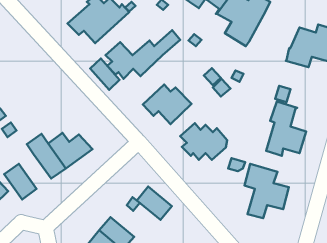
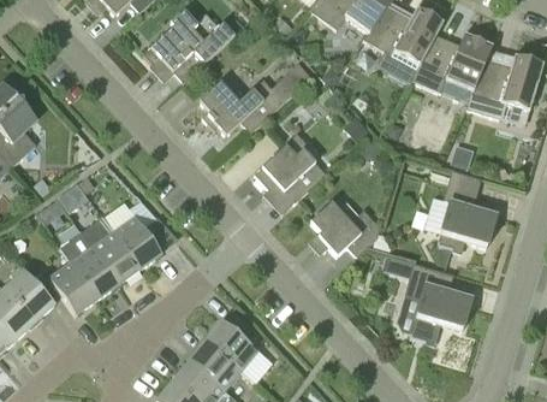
building: none -> [412,32,493,91]
building: [90,58,120,90] -> none
building: none -> [60,240,119,298]
building: [137,187,172,220] -> [207,320,258,370]

